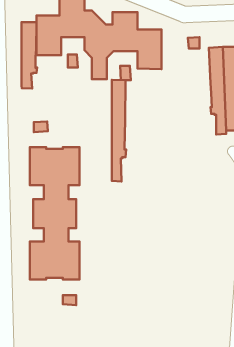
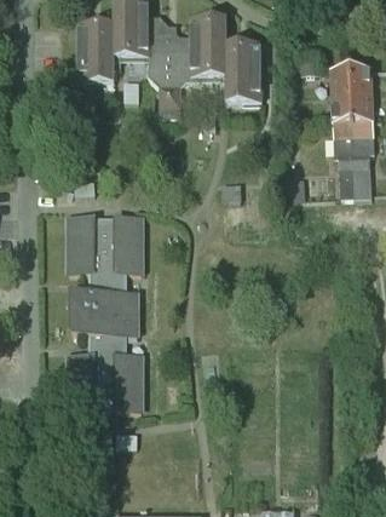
building: [22,22,37,89] -> none
building: [112,80,126,181] -> none

